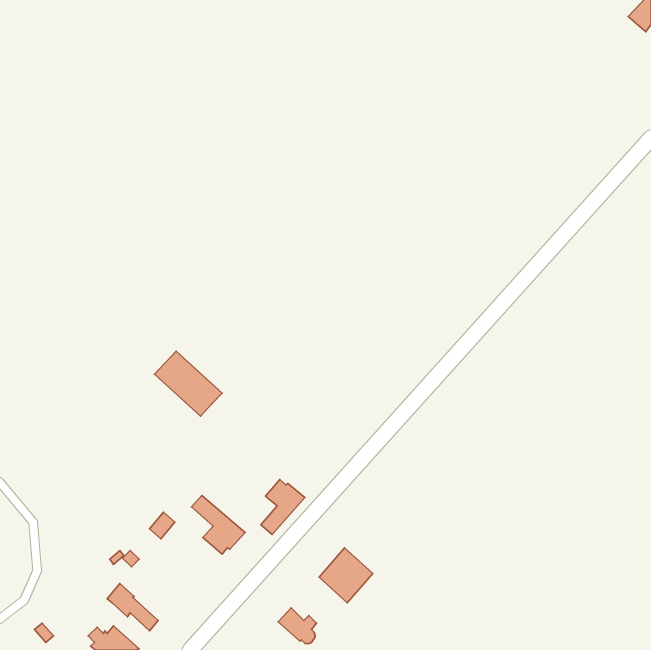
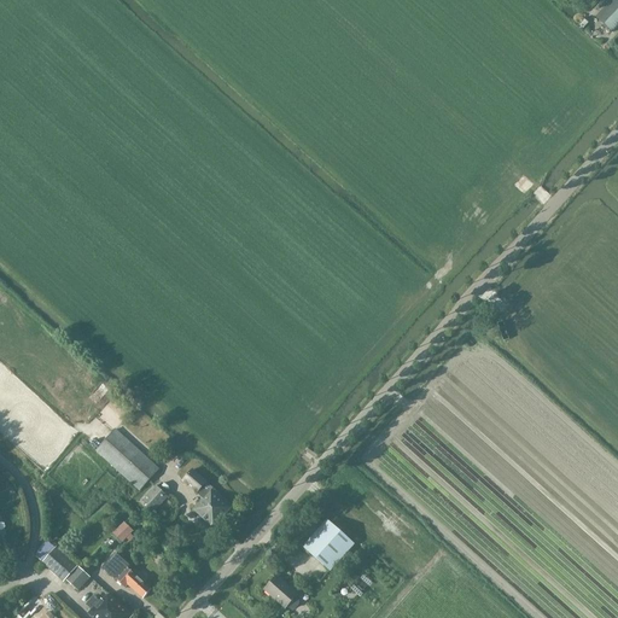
building: [155,351,222,416] -> [94,427,158,489]
building: [261,479,305,534] -> none
building: none -> [41,546,88,589]

